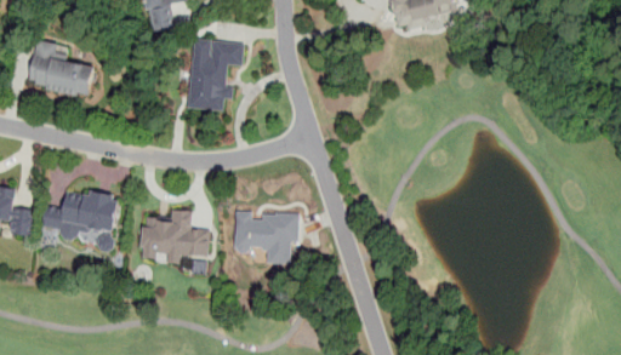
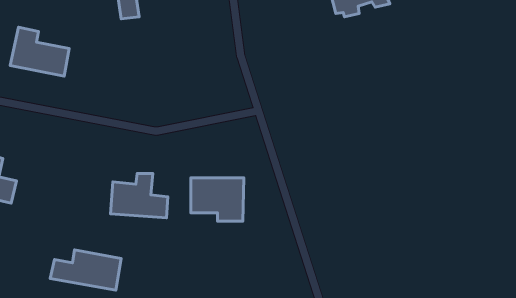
building: [188,39,243,111] -> none
building: [38,191,119,237] -> [50,250,121,290]

